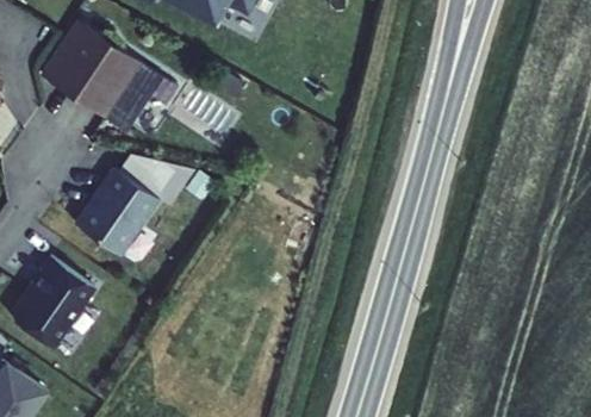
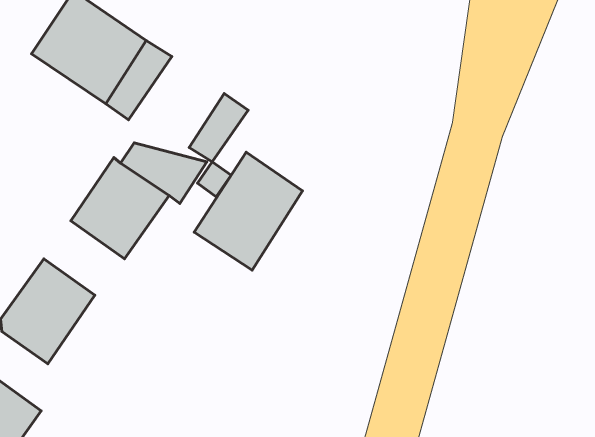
building: none -> [189,93,248,162]
building: none -> [194,152,303,270]

